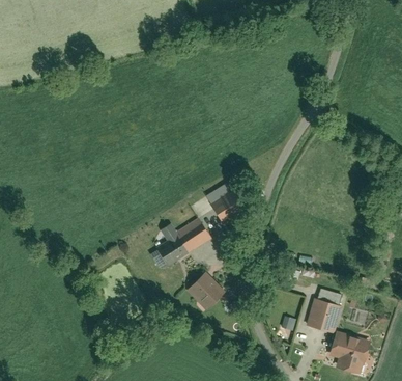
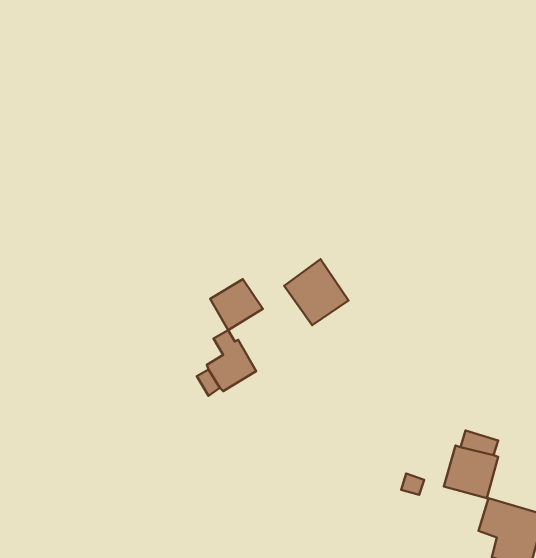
building: [177,219,210,251] -> [210,279,263,330]
building: [186,272,224,309] -> none

